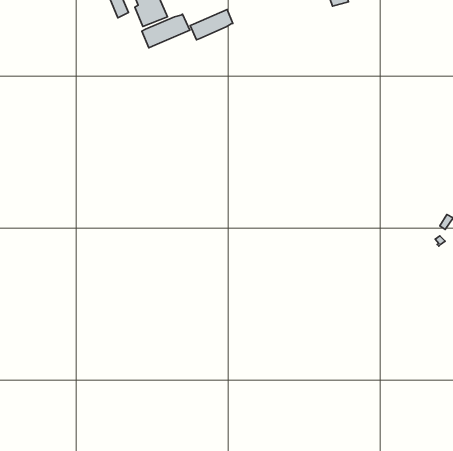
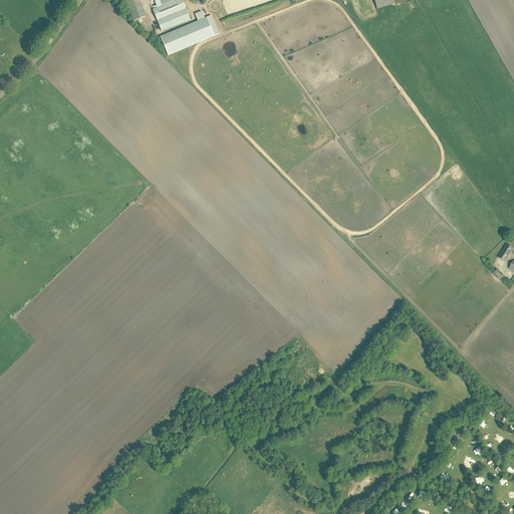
building: [190,9,233,40] -> none

